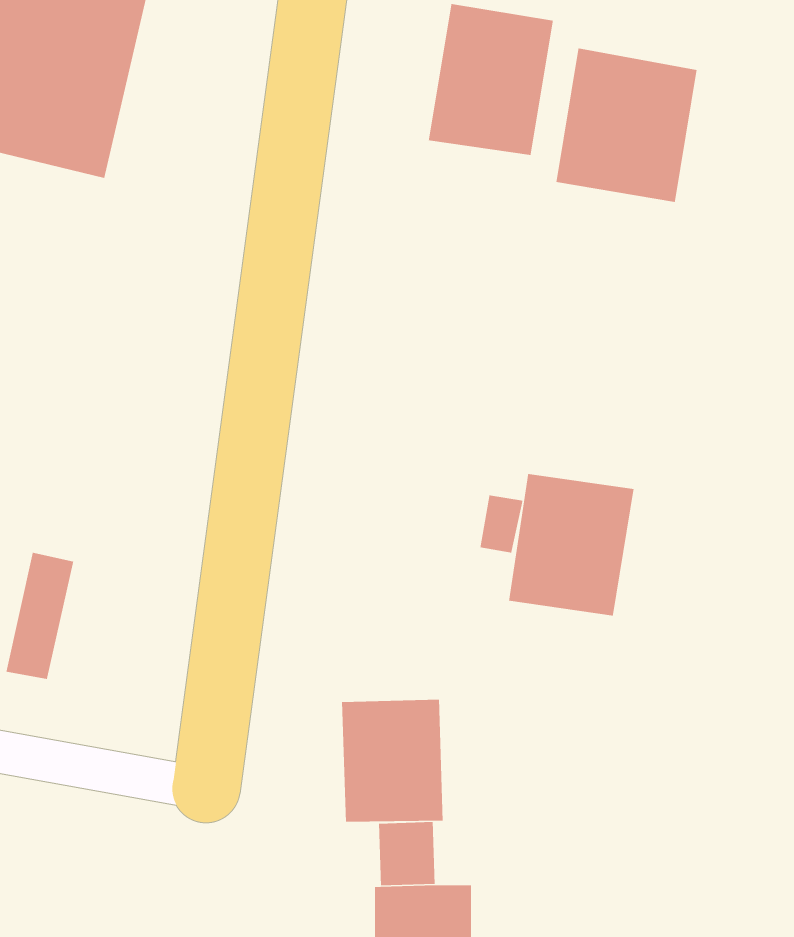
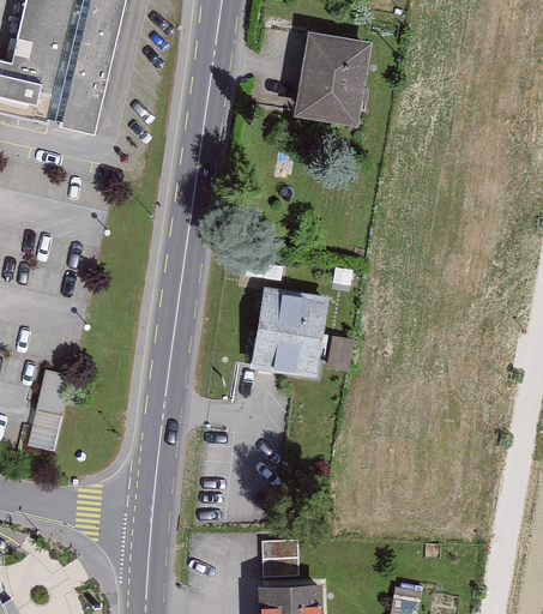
building: [555,48,697,203] -> none
building: [508,473,634,616] -> [251,285,330,375]
building: [341,699,444,823] -> none

